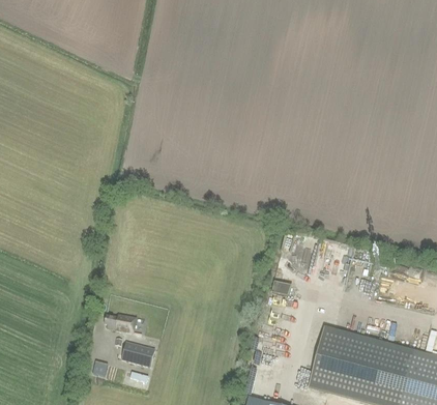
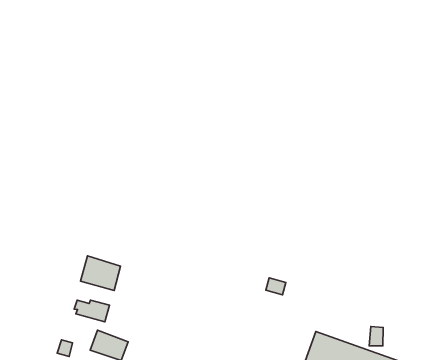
building: none -> [80,256,121,290]

